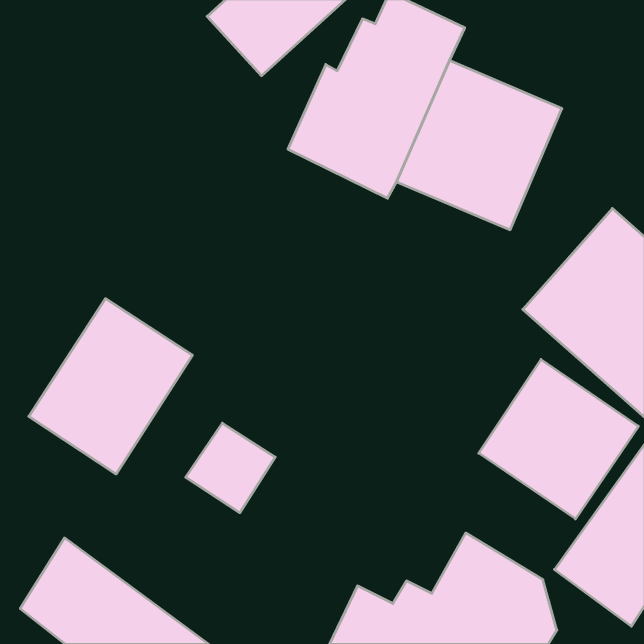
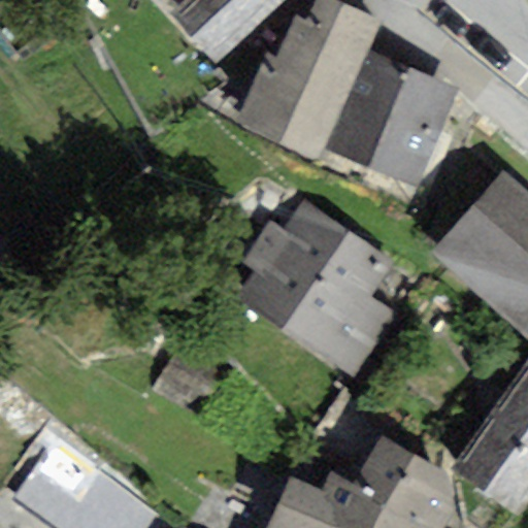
building: none -> [221,199,399,382]
building: [29,299,192,474] -> none
building: [479,359,638,519] -> none

